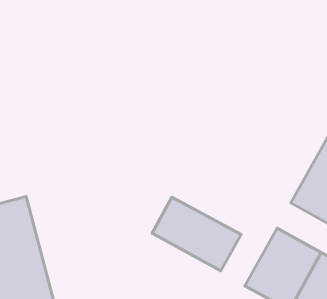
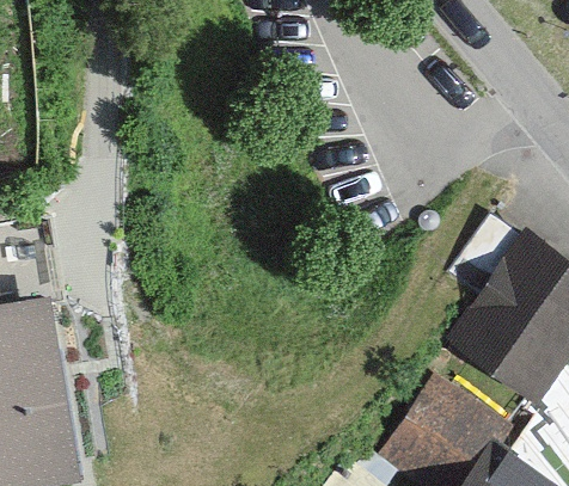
building: [152,197,241,271] -> none

